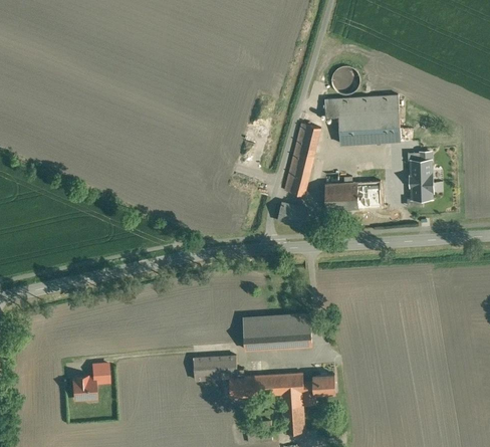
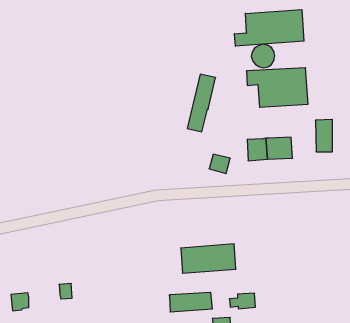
building: none -> [234,10,304,46]
building: [285,124,320,195] -> [187,74,216,132]
building: [193,355,244,381] -> none
building: [280,372,304,406] -> none
building: [72,377,94,399] -> [11,293,29,311]

